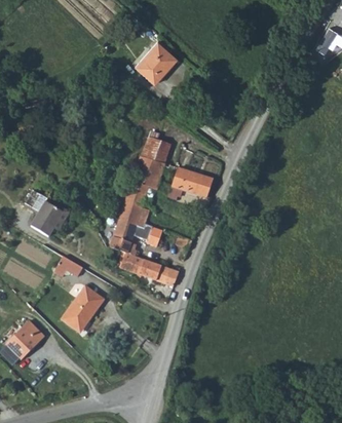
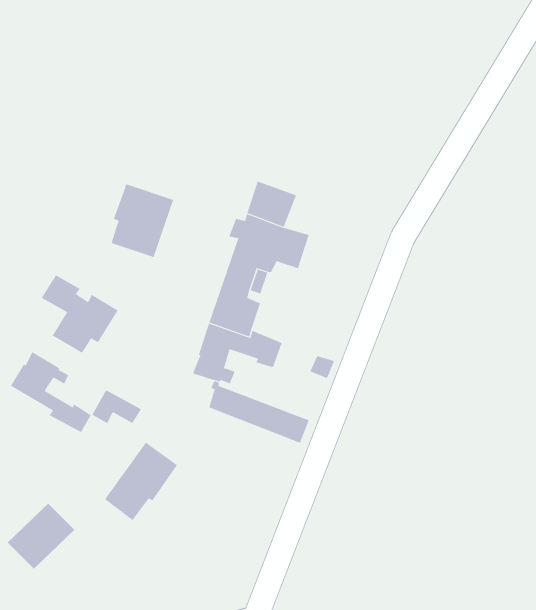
building: [135,40,174,83] -> none
building: none -> [111,183,174,258]
building: [168,167,212,200] -> none
building: none -> [10,351,91,433]

